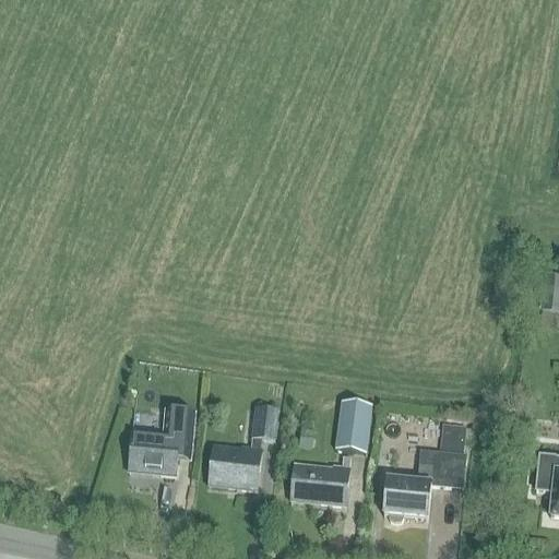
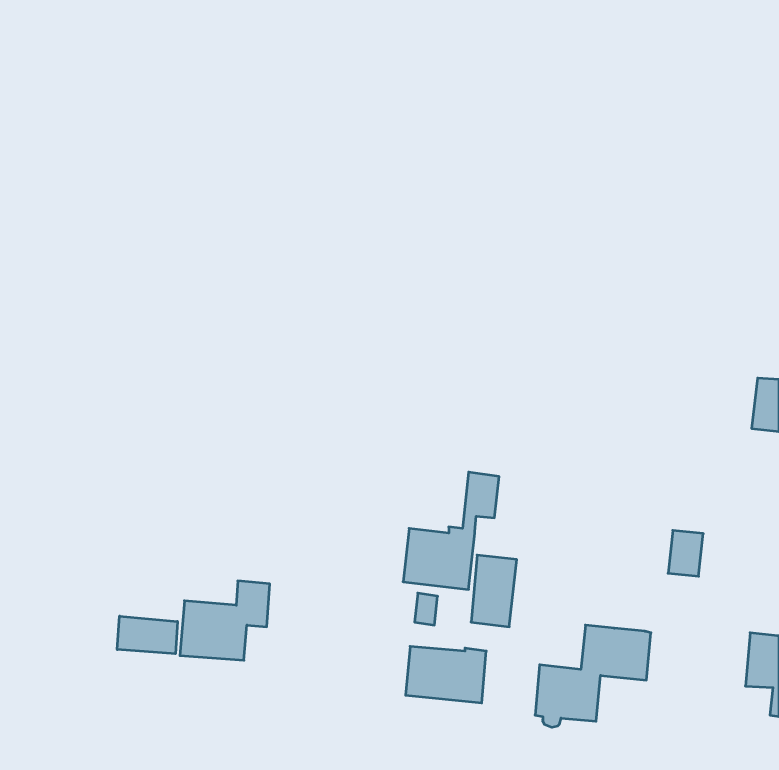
building: [209,404,277,488] -> [403,472,499,589]
building: [440,419,465,452] -> [668,530,703,576]
building: none -> [117,616,177,654]

